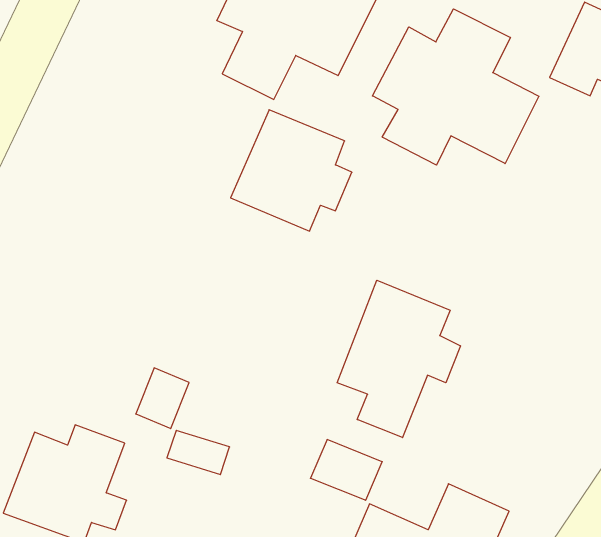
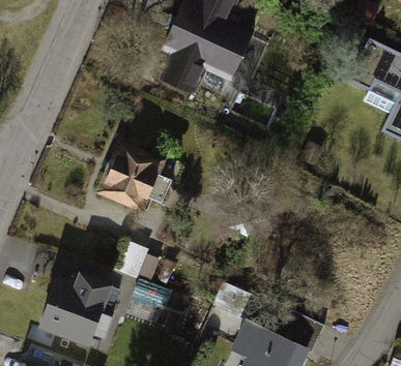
building: [372,9,539,165] -> none
building: [231,110,352,231] -> [98,143,167,211]
building: [337,280,460,438] -> none

